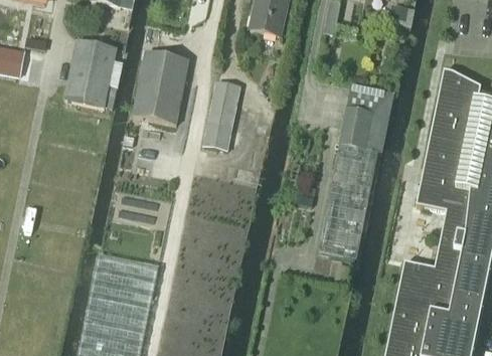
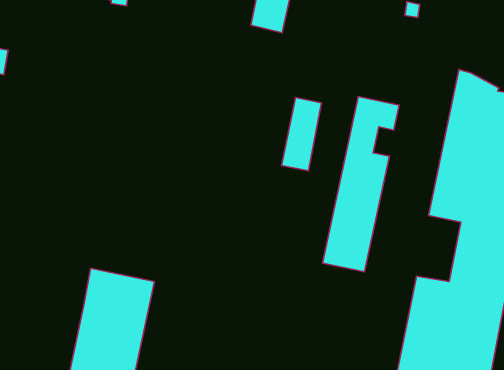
building: [65,39,124,108] -> none
building: [132,51,188,122] -> none
building: [203,80,240,149] -> [281,97,321,171]

